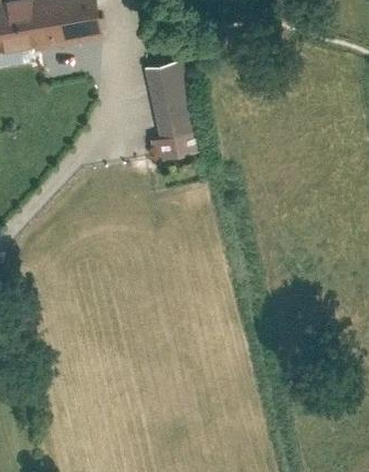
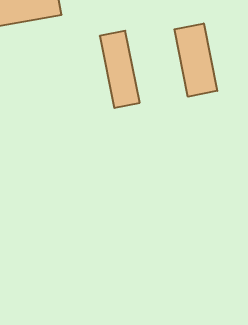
building: none -> [174,23,217,97]

